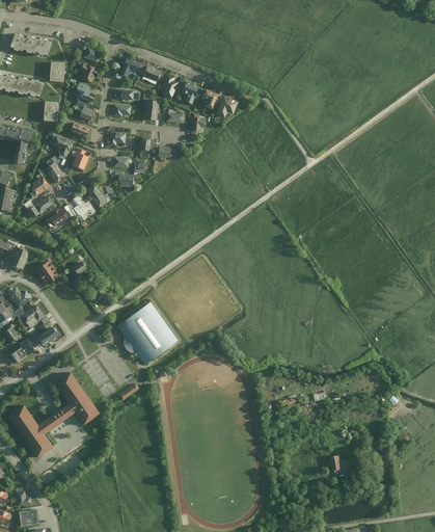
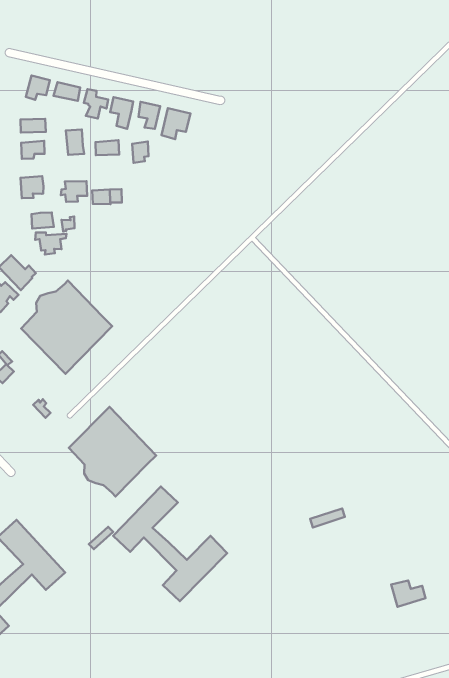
building: none -> [21,280,112,374]
building: none -> [113,487,227,601]

